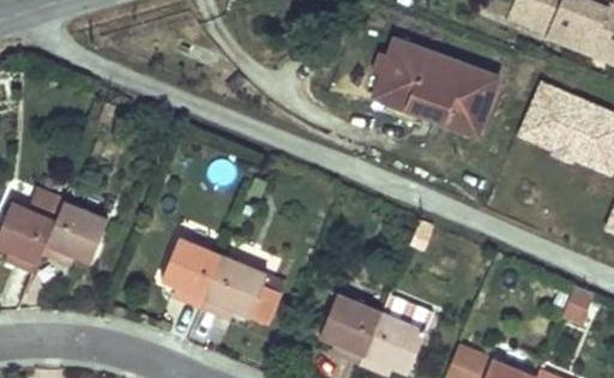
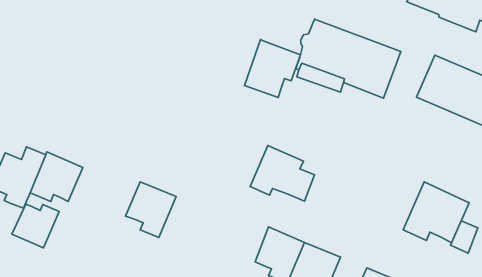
building: none -> [244,40,300,97]
building: none -> [403,182,469,243]
building: [201,257,281,325] -> [250,146,314,201]
building: none -> [12,204,59,248]

